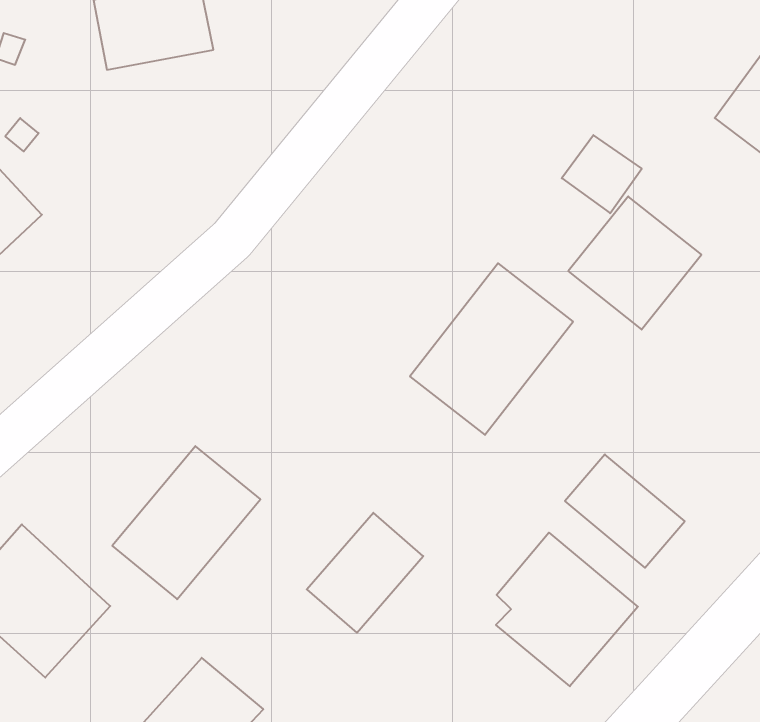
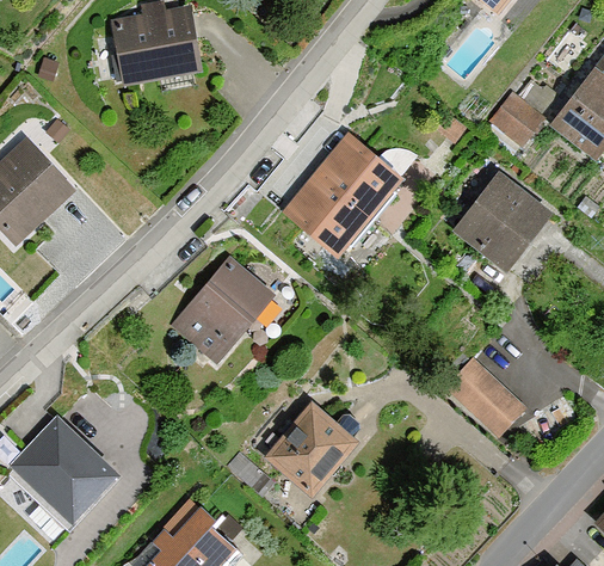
building: [562,135,642,213] -> [494,93,551,149]
building: [410,263,573,435] -> [278,135,395,258]
building: [112,446,260,599] -> [173,253,279,363]
building: [496,533,638,686] -> none

